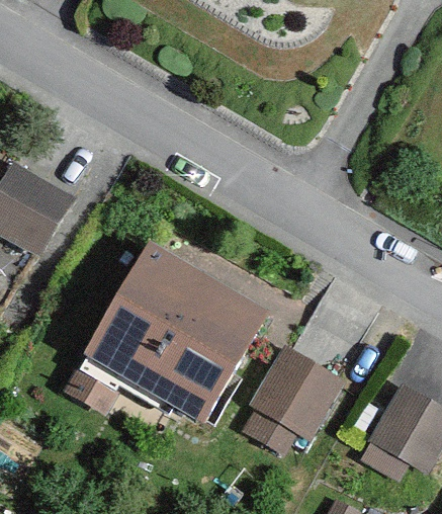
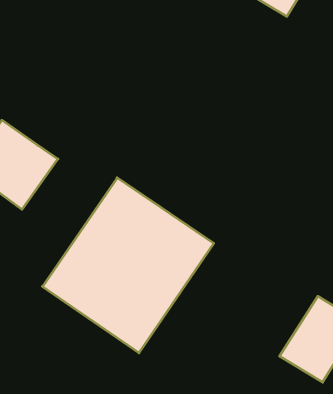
building: [236,344,346,461] -> none

